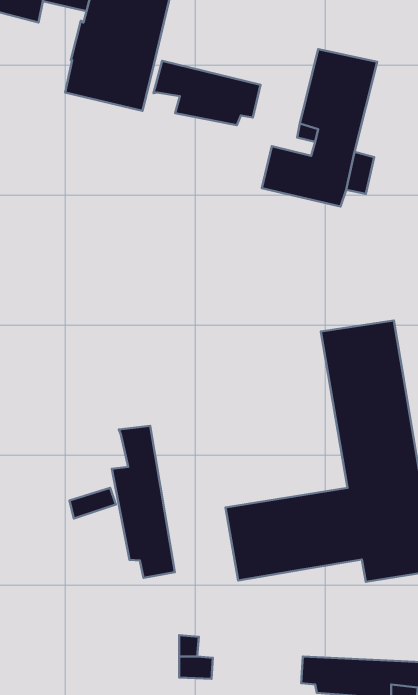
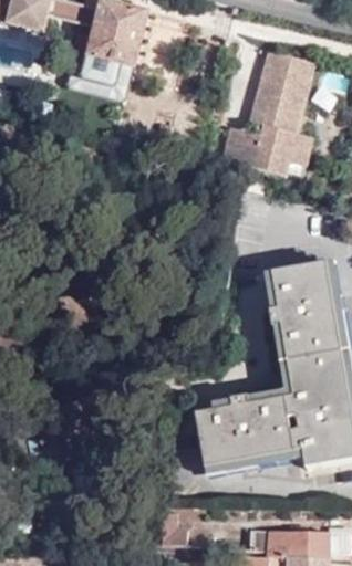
building: [153,61,260,125] -> none
building: [112,426,175,578] -> none

